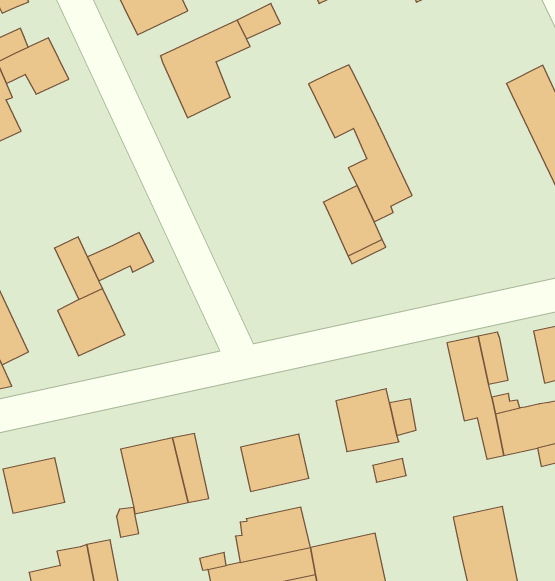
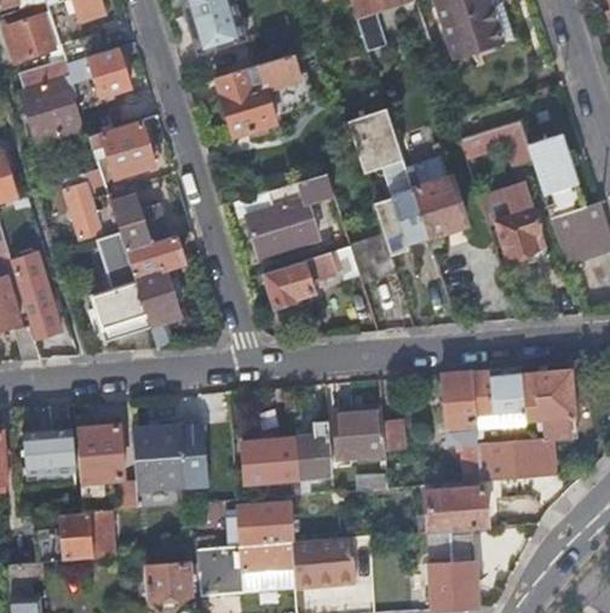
building: none -> [461,122,530,162]
building: none -> [405,154,466,235]
building: none -> [90,120,155,177]
building: none -> [479,184,547,267]
building: none -> [247,173,334,257]
building: none -> [63,168,108,239]
building: none -> [111,196,168,251]
building: none -> [265,246,359,308]
building: none -> [133,264,179,348]
building: none -> [489,373,524,426]
building: none -> [295,420,332,479]
building: none -> [76,425,122,481]
building: none -> [422,488,485,532]

